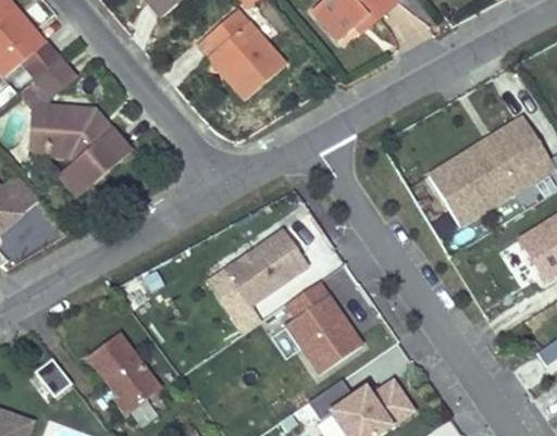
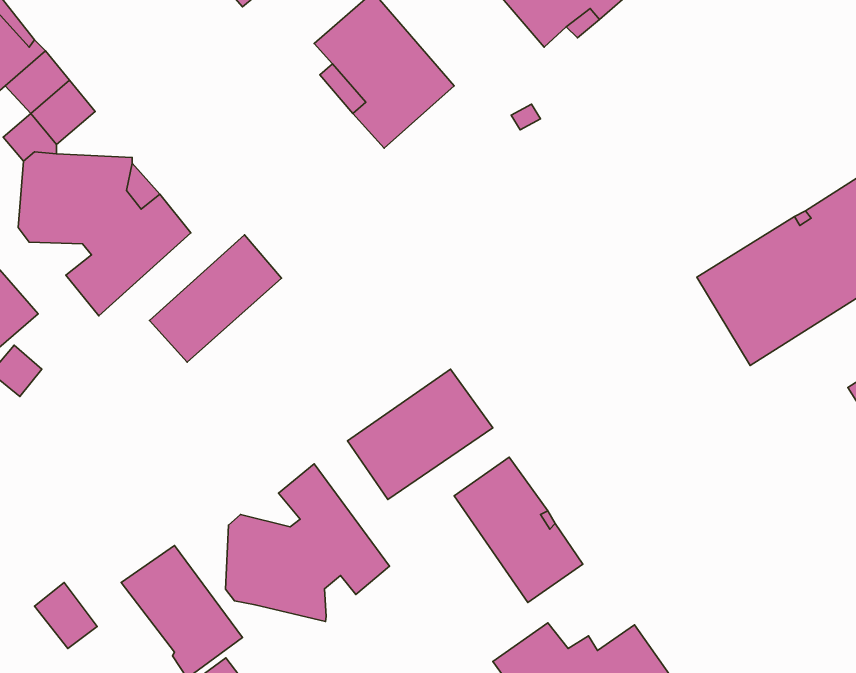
building: none -> [149,235,281,362]
building: none -> [225,464,389,622]

